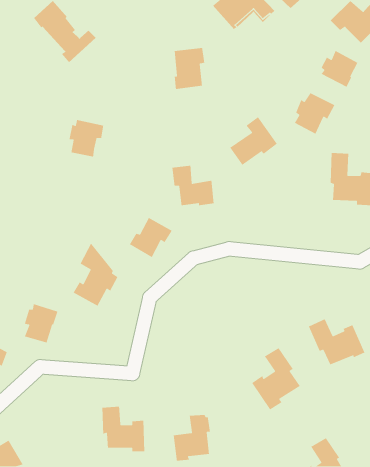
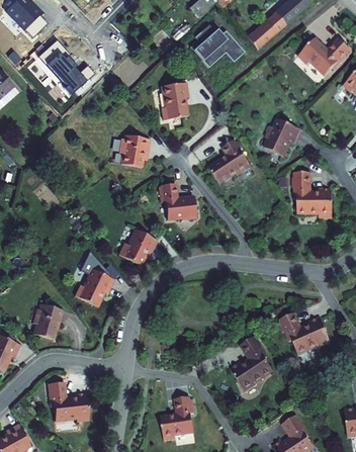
building: [321,50,359,88] -> none
building: [68,119,104,157] -> [120,128,152,162]
building: [101,406,145,452] -> [49,379,87,420]

